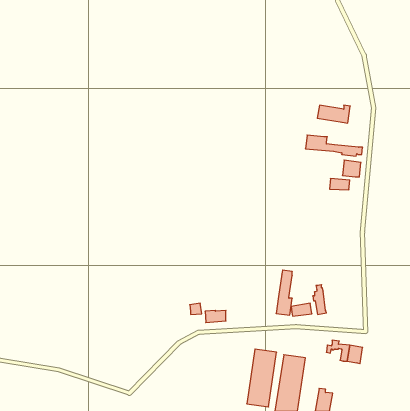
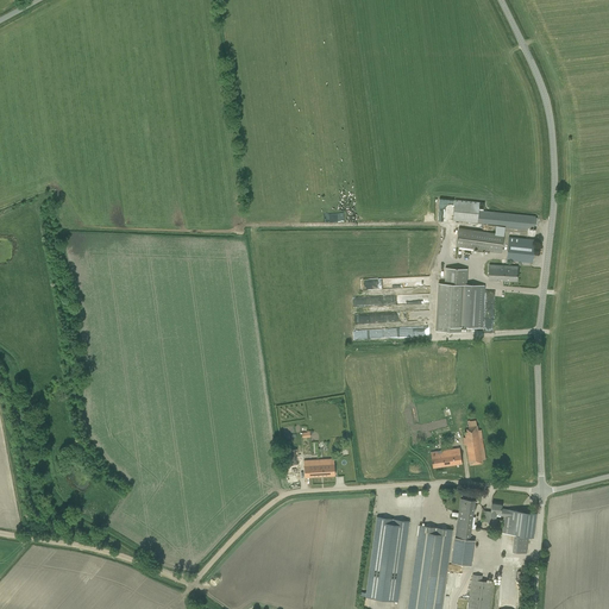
building: [317,105,350,123] -> [457,227,506,253]
building: none -> [437,268,484,332]
building: [276,270,292,315] -> [452,498,476,565]

